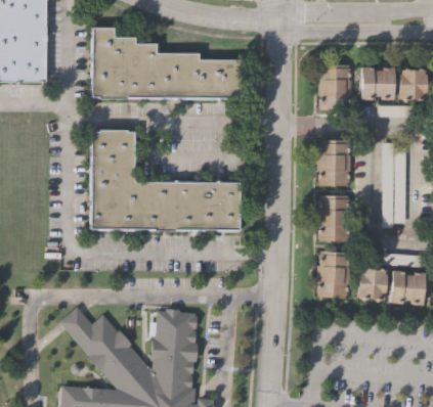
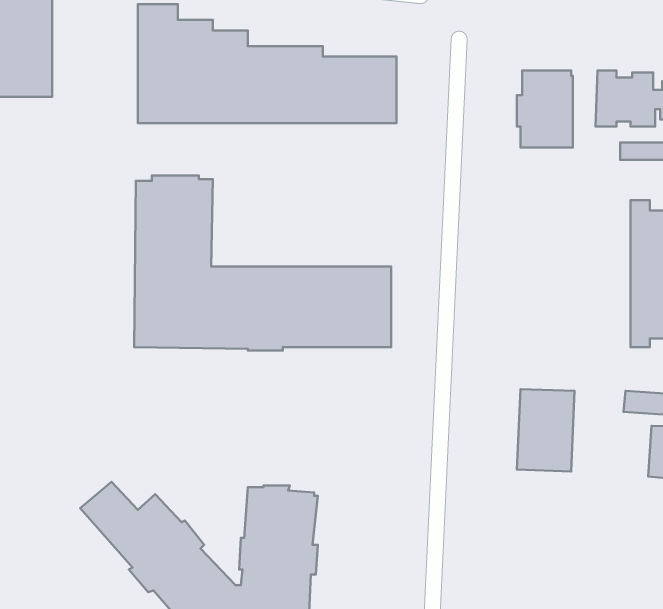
building: [315,141,350,187] -> none
building: [316,198,351,242] -> none
building: [355,271,387,304] -> none

